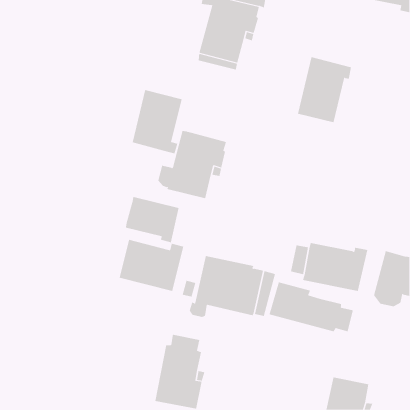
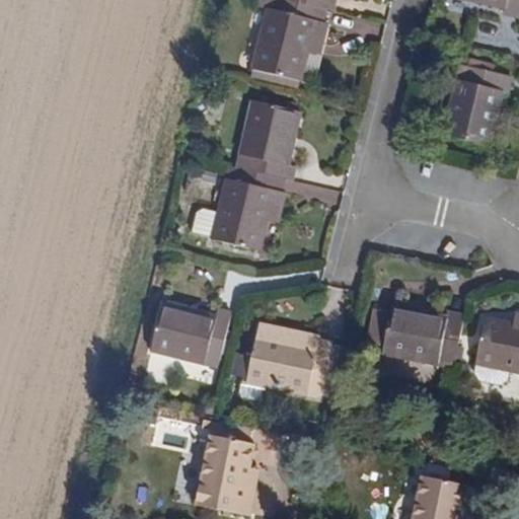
building: [297,57,352,123] -> [442,63,511,146]
building: [132,89,182,154] -> [236,98,300,179]
building: [125,196,179,243] -> none
building: [269,281,354,332] -> none

